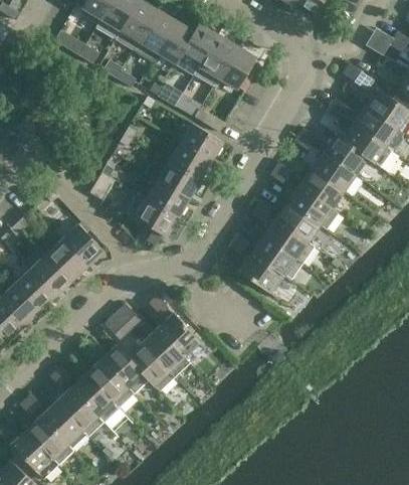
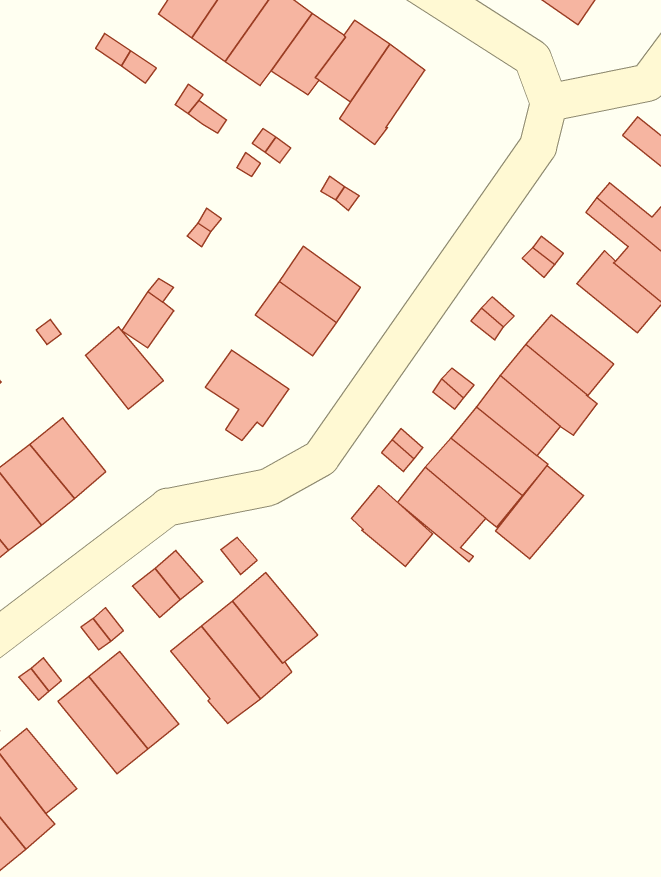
building: [218,46,256,91] -> none
building: [180,123,223,161] -> none
building: [311,151,356,191] -> none
building: [147,179,189,216] -> none
building: [62,223,104,266] -> [85,327,163,409]
building: none -> [496,466,584,559]
building: none -> [351,486,433,567]
building: [100,343,149,393] -> none
building: [55,386,104,437] -> none

